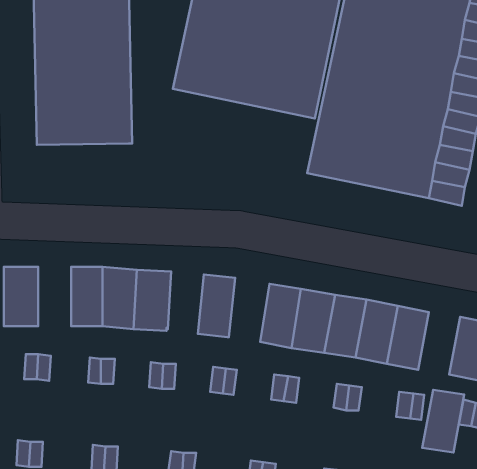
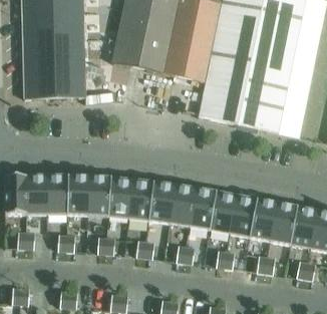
building: none -> [26,177,47,215]
building: none -> [108,180,132,220]
building: none -> [148,184,175,225]
building: [422,390,464,452] -> [270,206,297,246]

